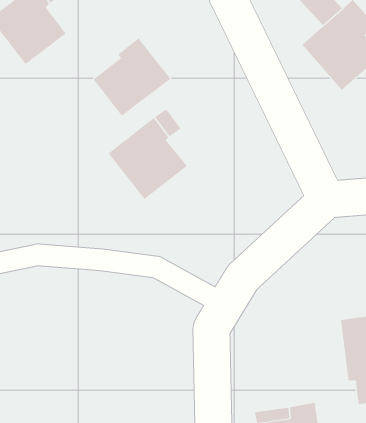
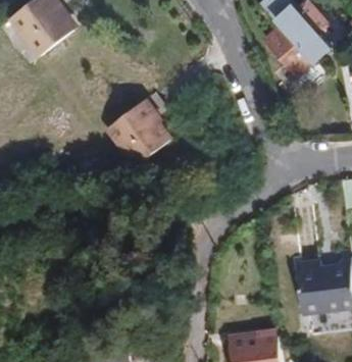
building: [93,37,171,116] -> none

